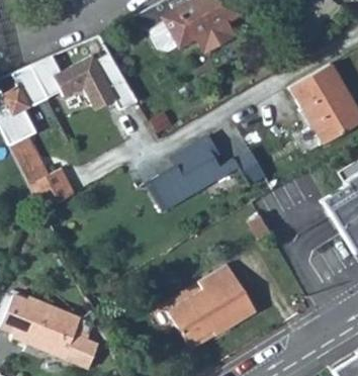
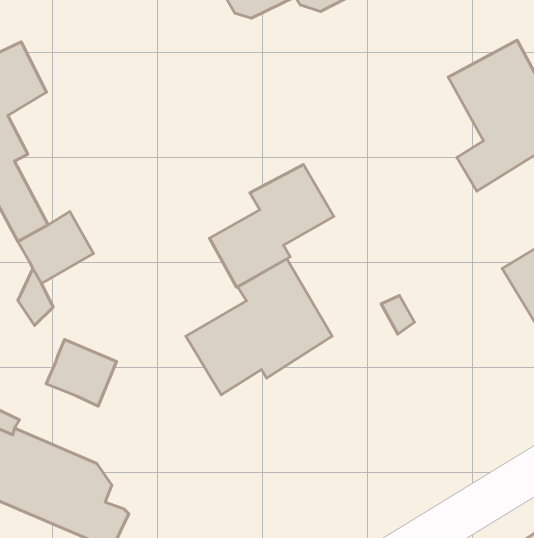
building: [33,51,137,106] -> none
building: none -> [46,339,116,406]
building: [168,264,256,346] -> [186,259,332,395]

